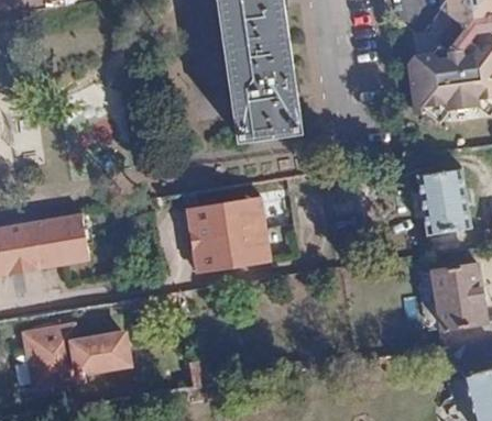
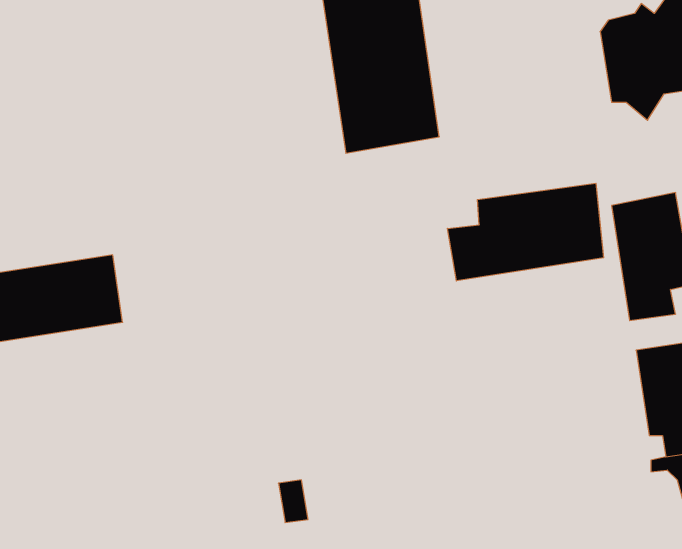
building: none -> [447,183,604,281]
building: [183,187,267,274] -> none
building: [23,324,136,388] -> none

